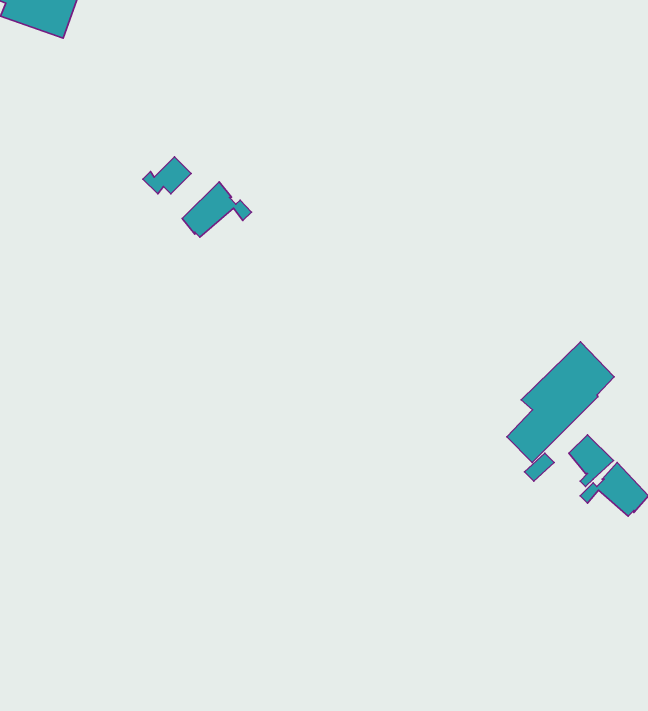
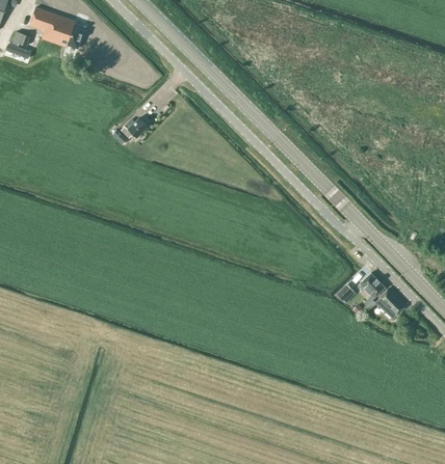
building: [182,182,251,237] -> none
building: [507,342,614,463] -> none

